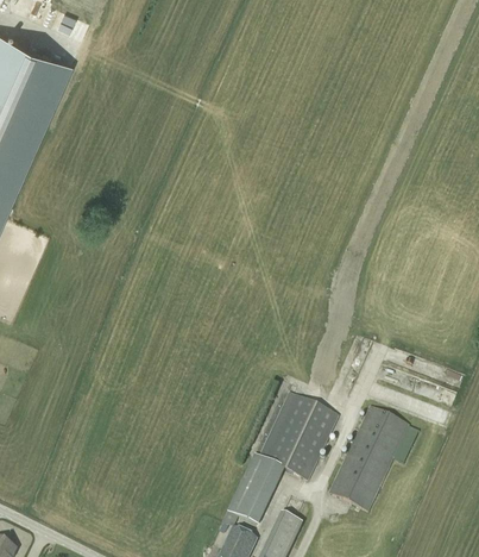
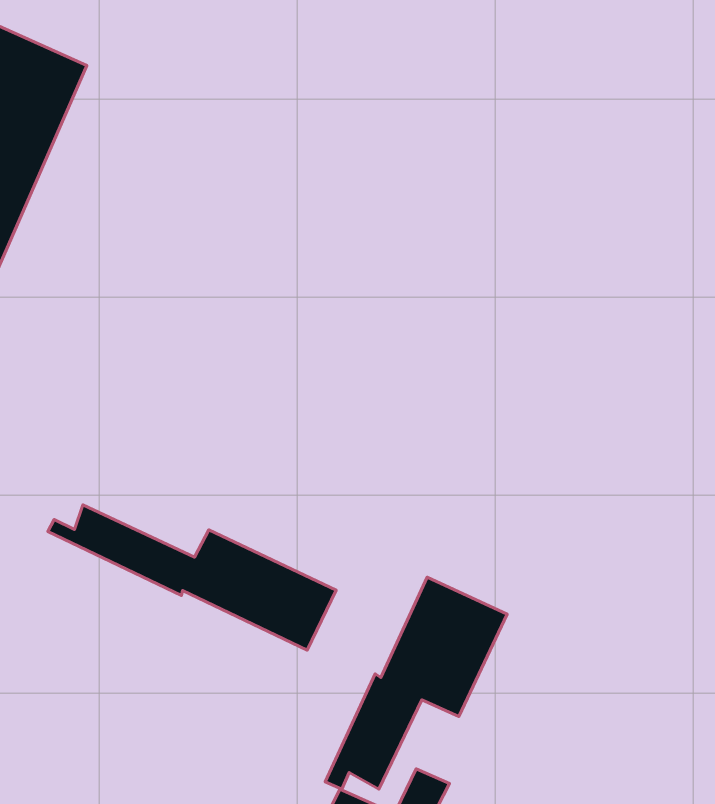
building: none -> [48,505,336,650]
building: [328,409,418,513] -> none

